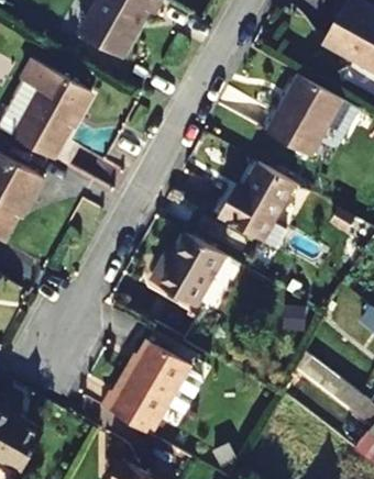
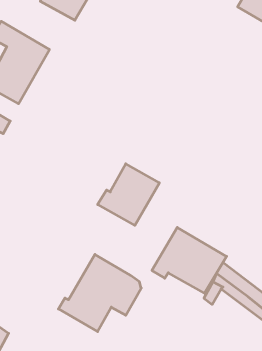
building: [265,75,339,156] -> none
building: [217,163,293,241] -> none
building: none -> [152,227,227,293]

